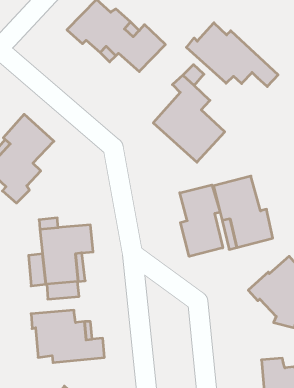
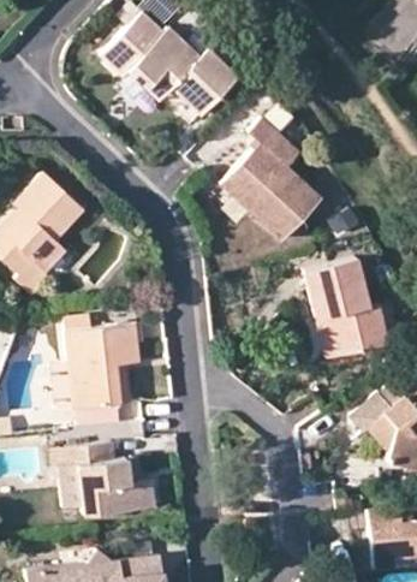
building: [186,23,278,87] -> none
building: [180,185,223,256] -> none

